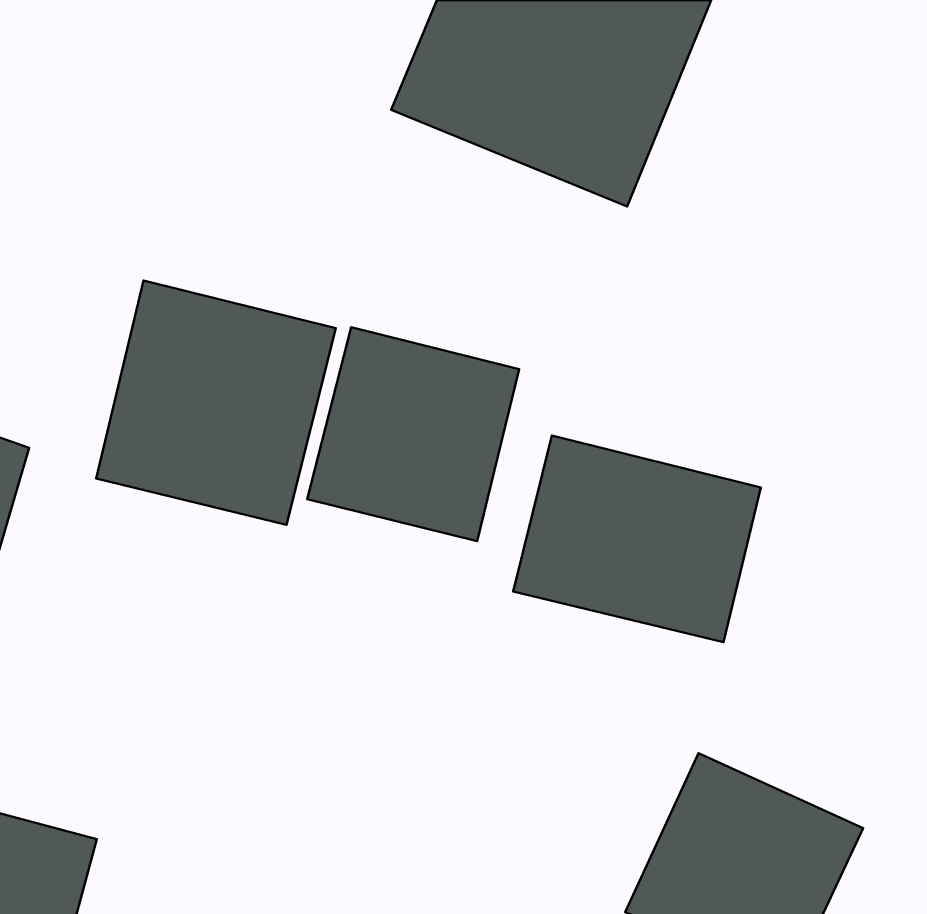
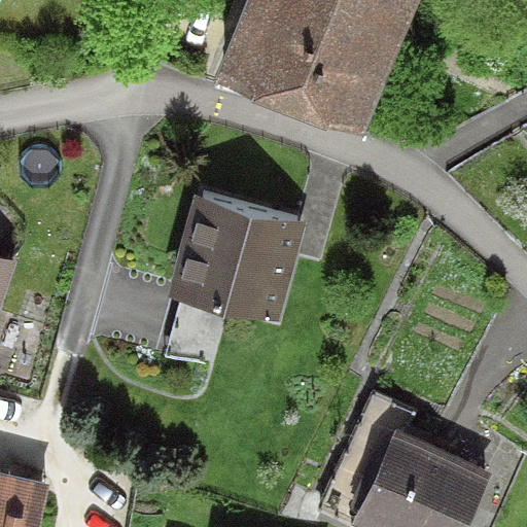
building: [96,281,336,525] -> none
building: [513,436,761,642] -> none

